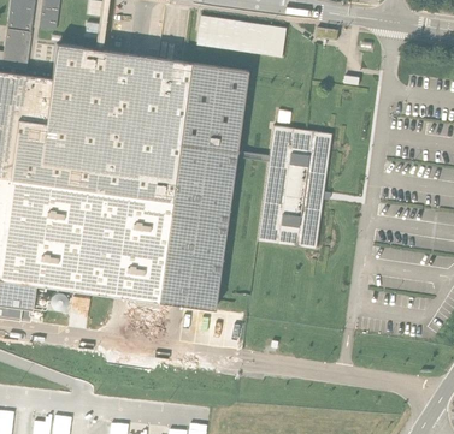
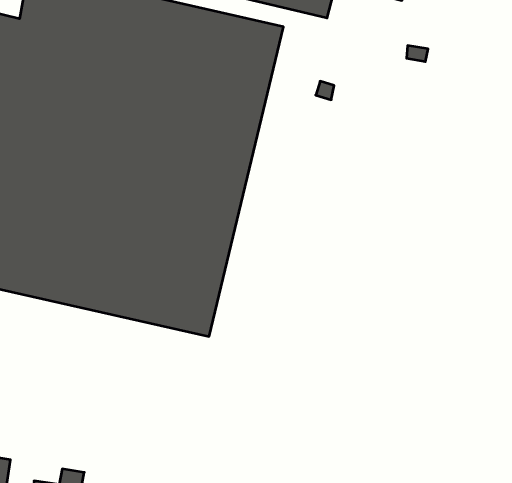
building: [257,126,329,248] -> none

